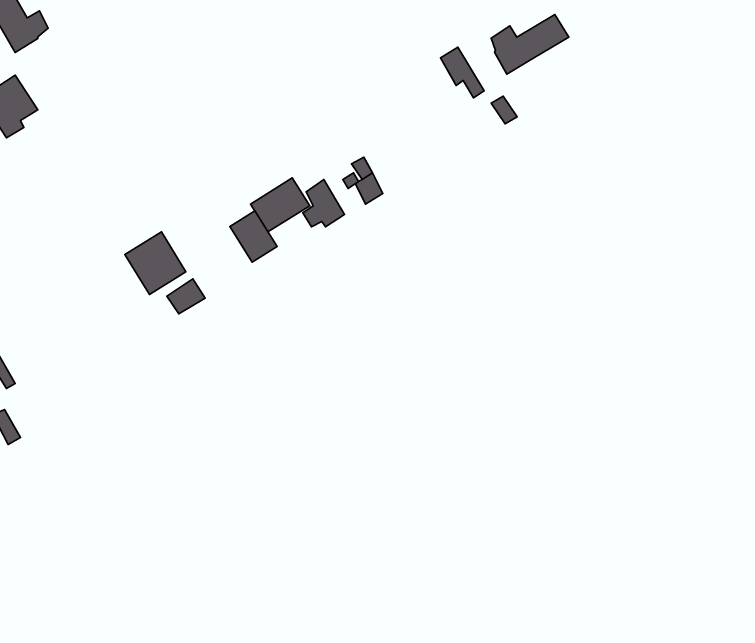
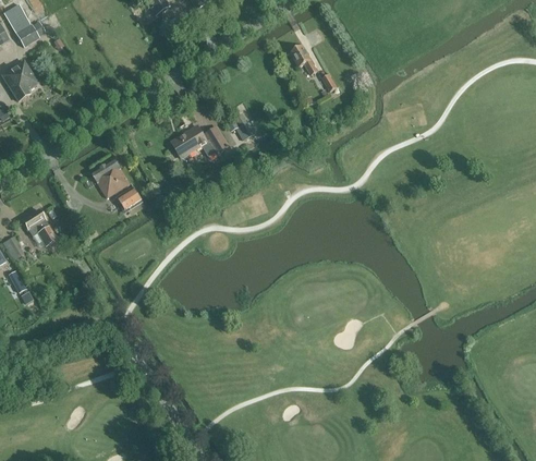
building: [491,14,569,74] -> none
building: [230,211,277,262] -> none
building: none -> [20,209,56,247]

